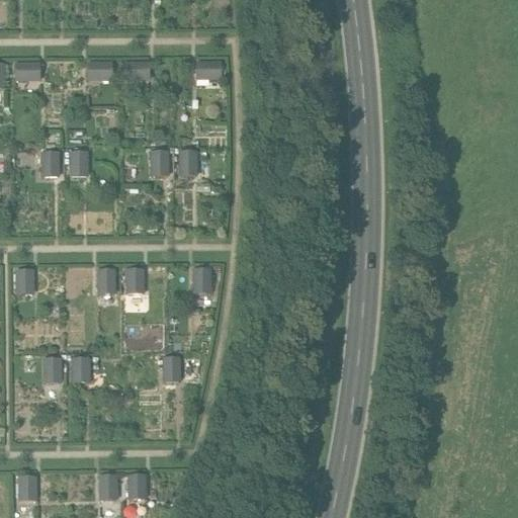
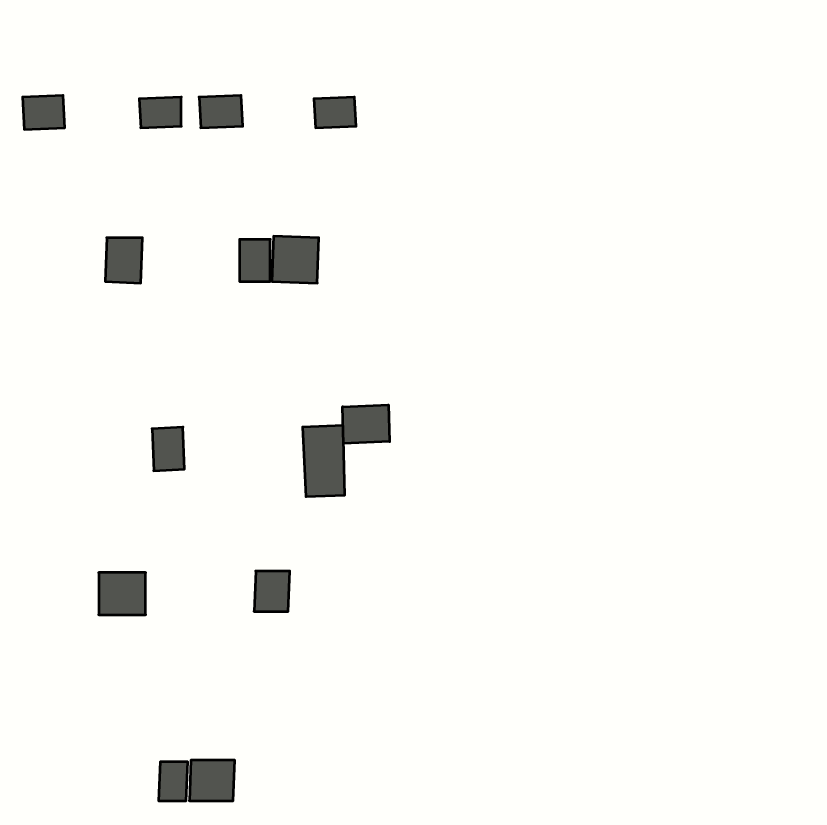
building: [36,151,61,176] -> none
building: none -> [343,405,390,443]
building: [12,268,36,295] -> none
building: [124,268,145,294] -> none
building: [41,357,61,384] -> none
building: [16,477,38,502] -> none

